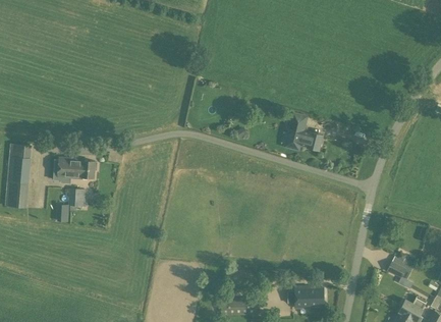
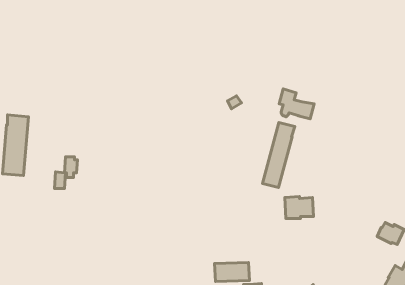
building: none -> [263,123,295,188]
building: [57,156,95,178] -> none
building: [294,285,324,308] -> [285,197,314,219]

